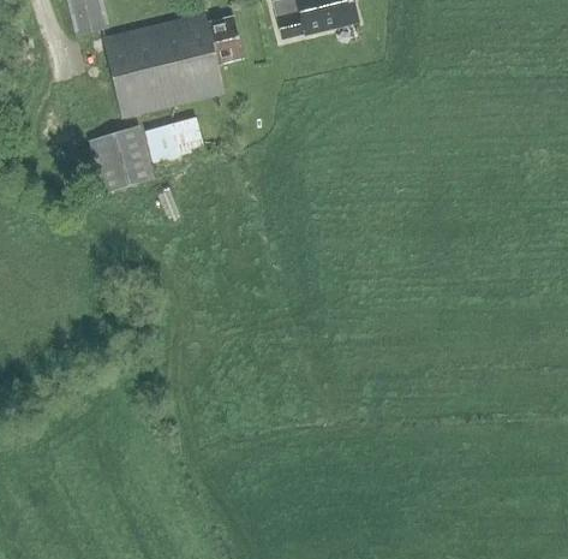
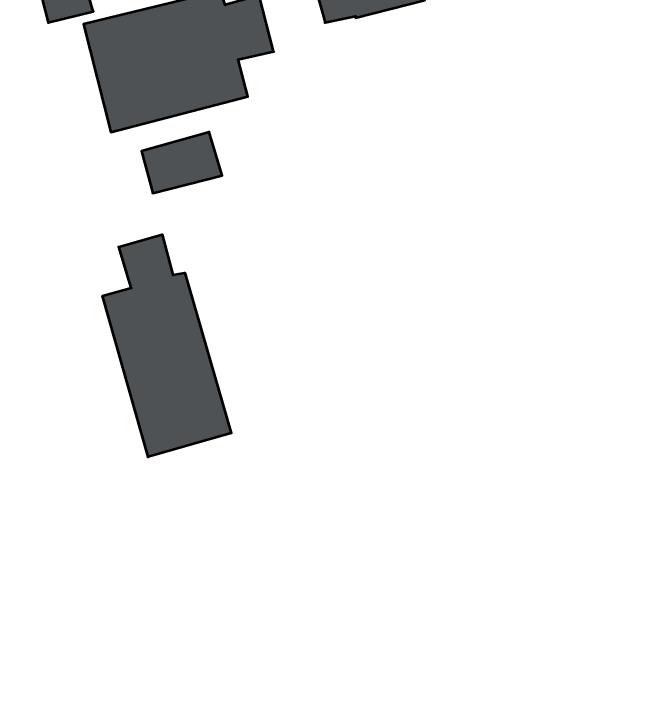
building: [89,125,154,191] -> none
building: none -> [103,235,231,457]

